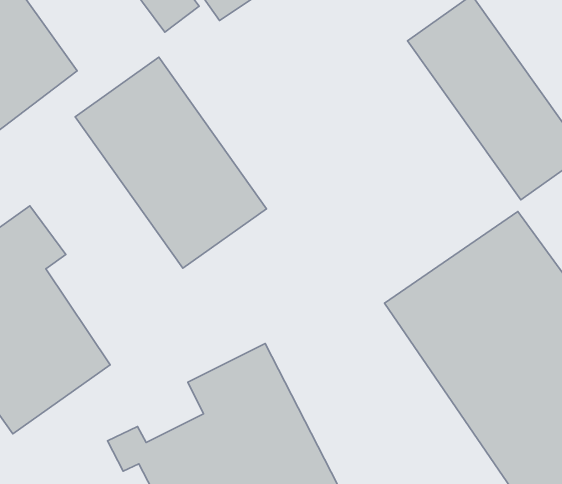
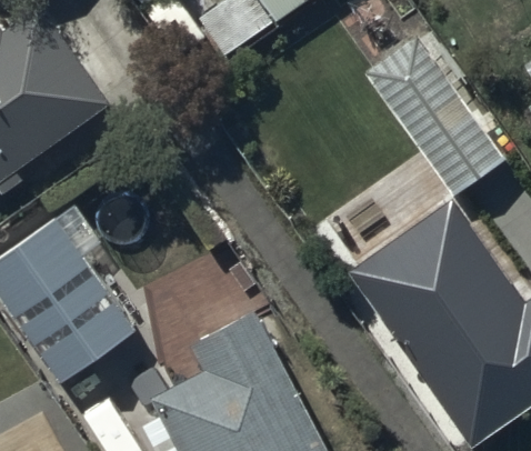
building: [75,57,267,268] -> none

